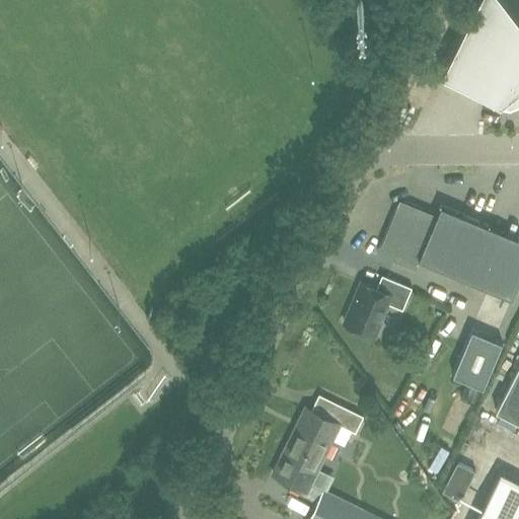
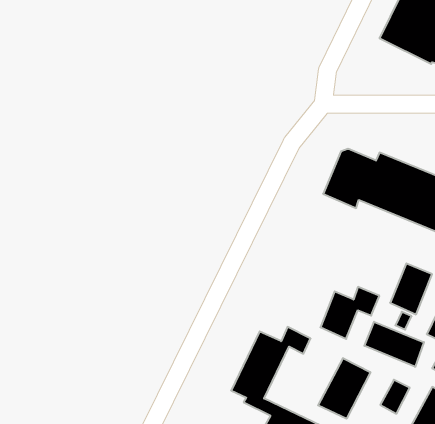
building: [346,280,413,339] -> [320,287,379,339]
building: none -> [364,322,424,367]
building: none -> [318,358,370,419]

